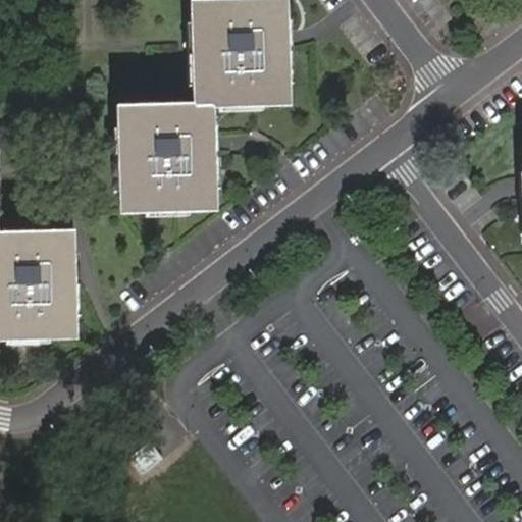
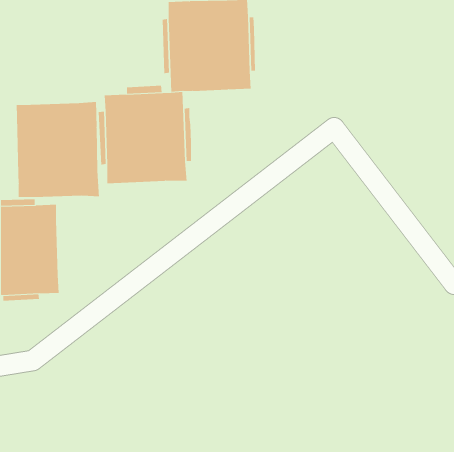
building: none -> [16,101,100,198]

